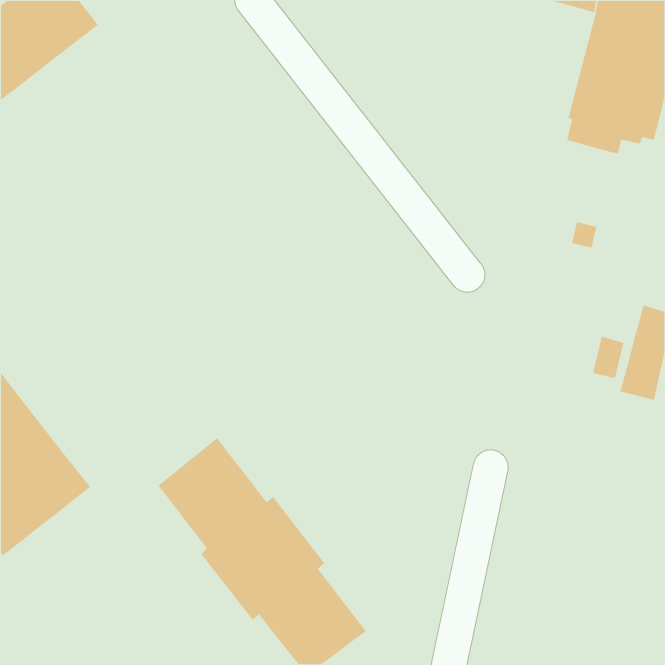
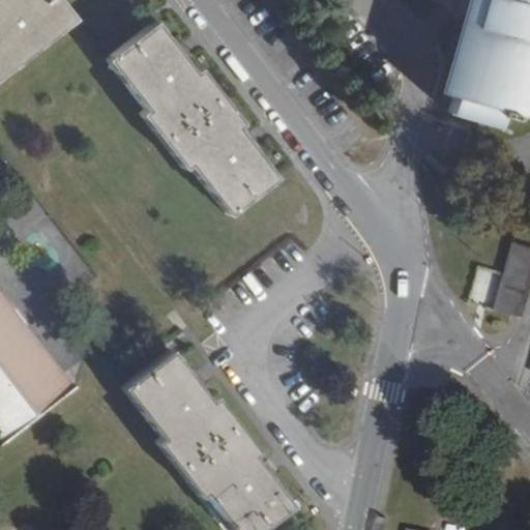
building: none -> [112,24,289,227]

